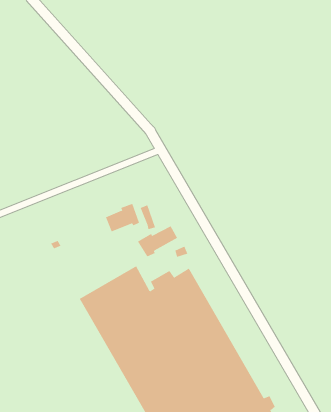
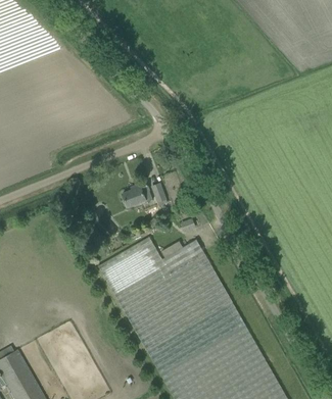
building: [137,225,178,257] -> none

